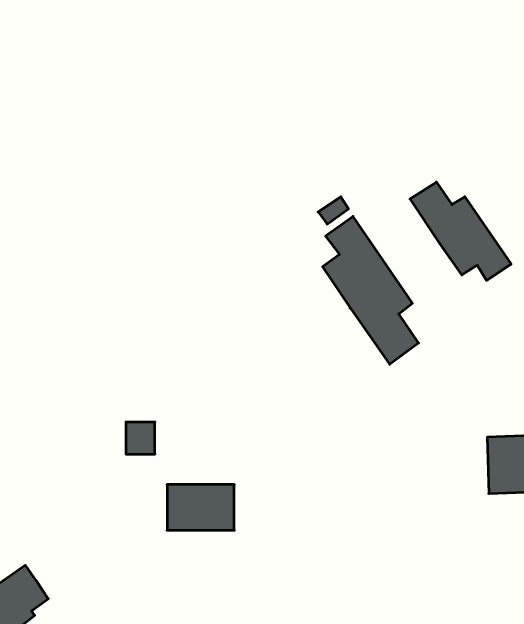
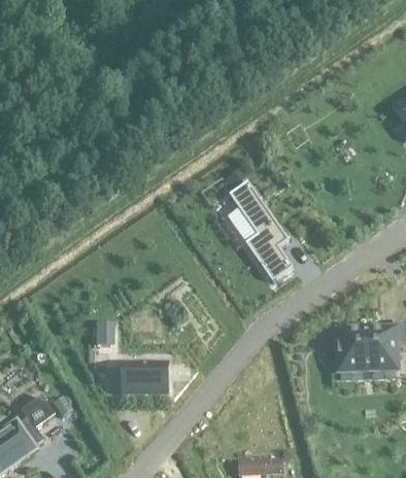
building: [410,182,511,280] -> none
building: none -> [20,395,53,428]

